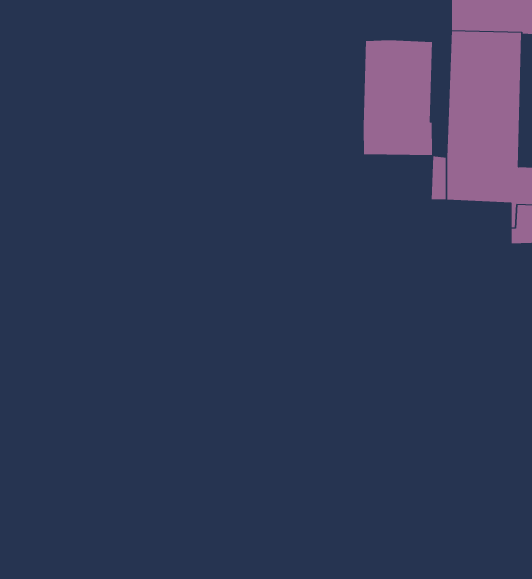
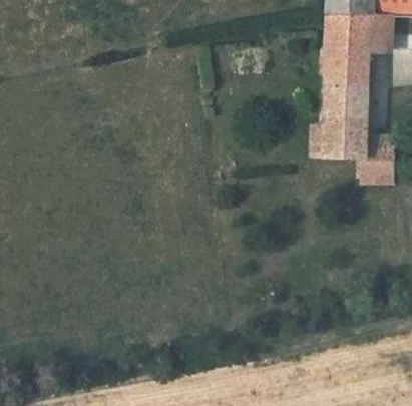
building: [363,40,432,156] -> none

